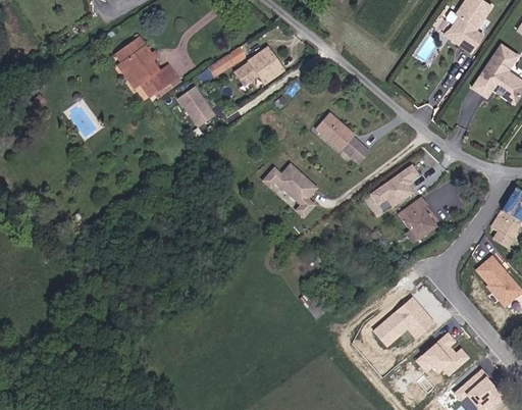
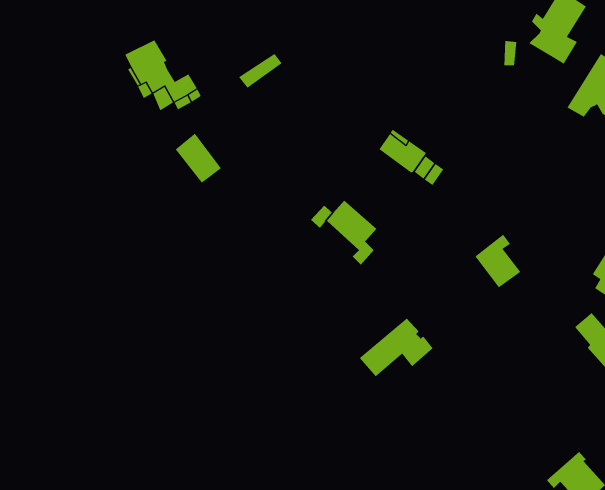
building: [234,49,282,85] -> none
building: [176,86,214,126] -> [175,133,222,183]
building: [369,165,418,205] -> none
building: [373,298,433,346] -> [359,318,433,377]
building: [416,334,468,374] -> none

